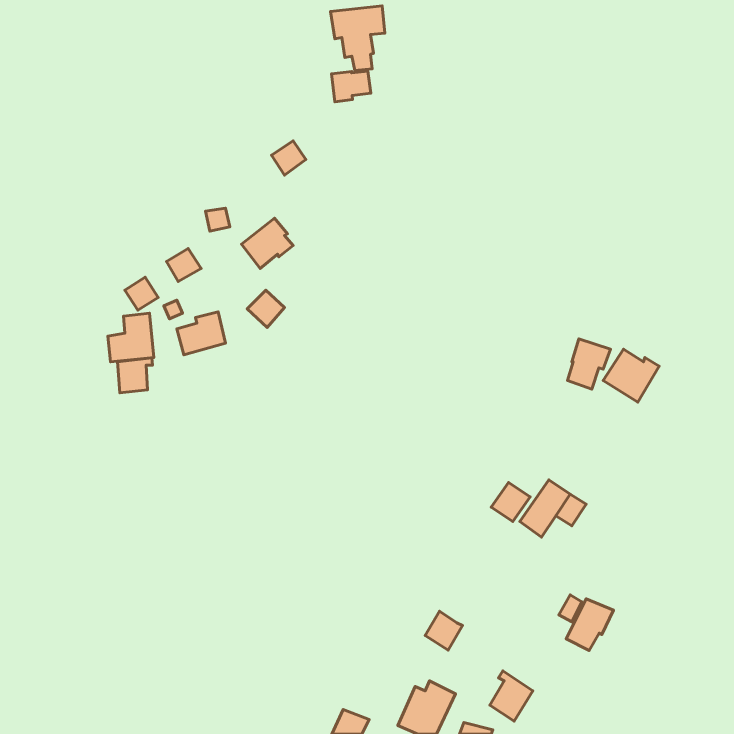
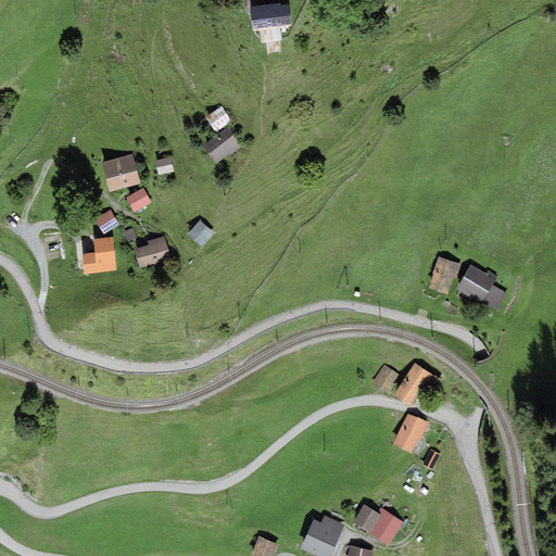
building: [332,71,371,102] -> none
building: none -> [101,153,140,191]
building: [241,218,293,268] -> [203,126,242,164]
building: [117,358,152,393] -> none
building: [566,599,613,650] -> [393,414,429,453]
building: [425,611,462,650] -> [353,504,381,533]

